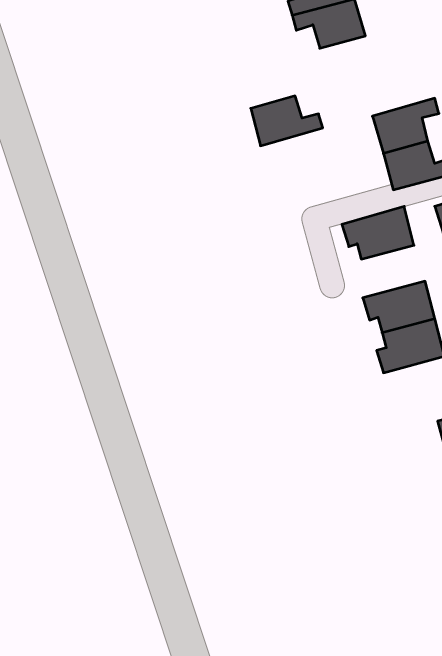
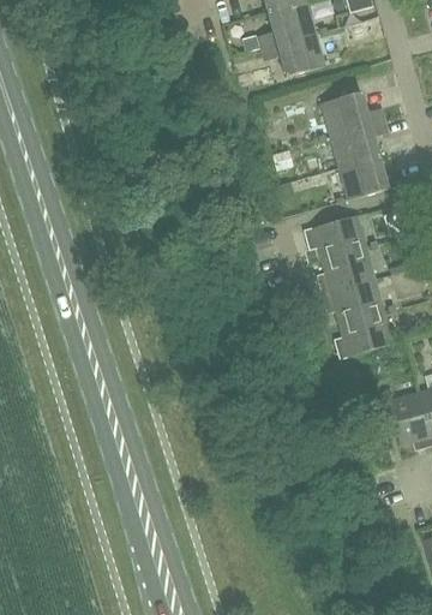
building: [251,96,323,146] -> [322,92,384,136]
building: none -> [317,247,376,293]

